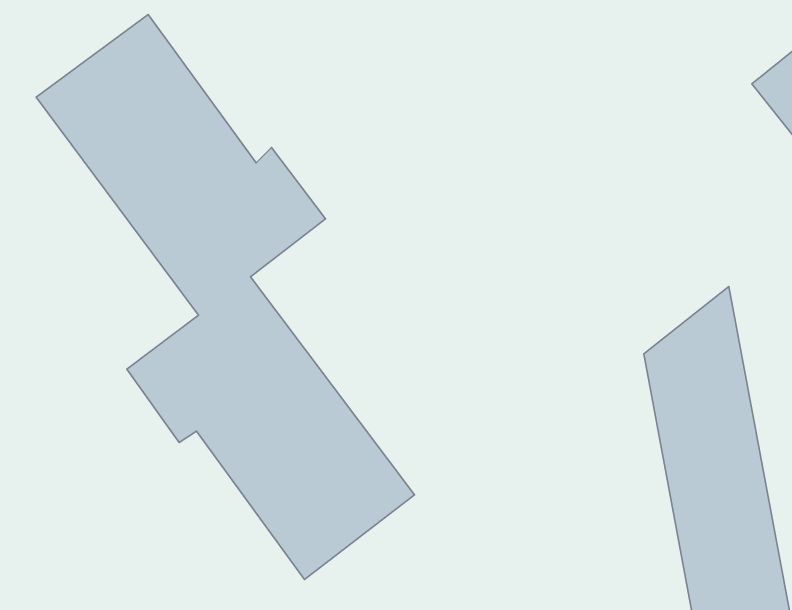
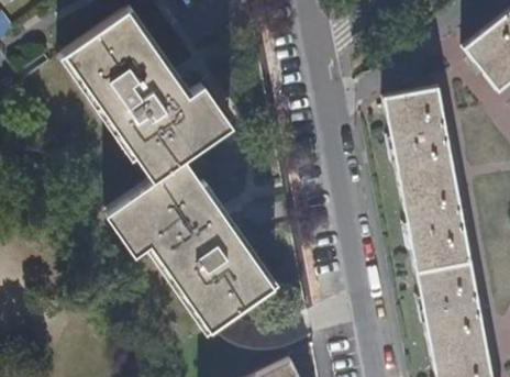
building: none -> [385,89,453,203]

